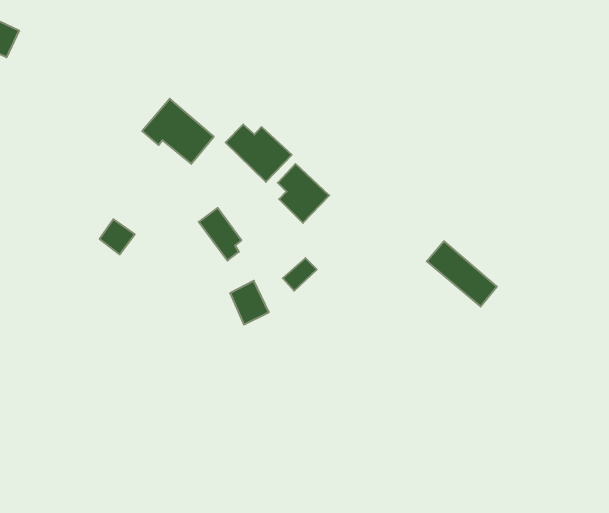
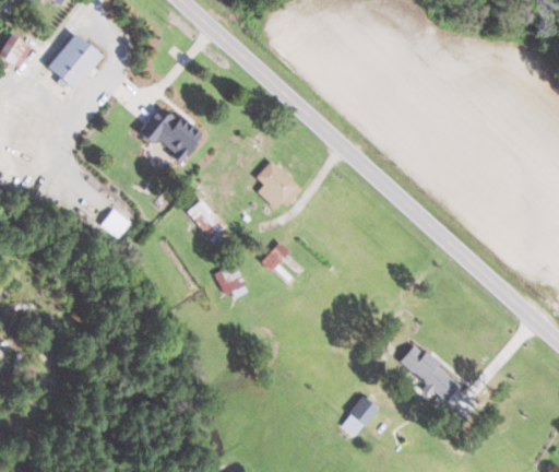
building: none -> [46,33,102,90]
building: [226,124,292,182] -> none
building: [427,241,497,307] -> [399,344,460,401]
building: none -> [341,397,377,437]

